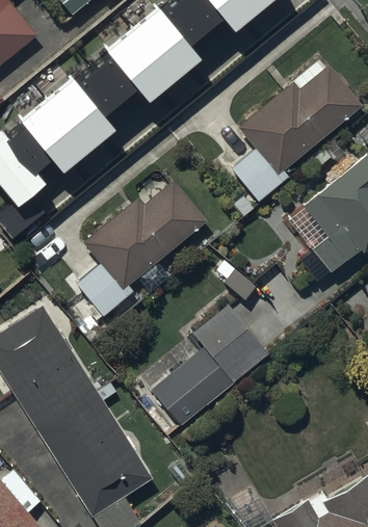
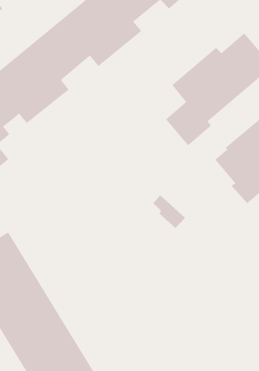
building: [76,180,207,321] -> none
building: [152,305,268,425] -> none

